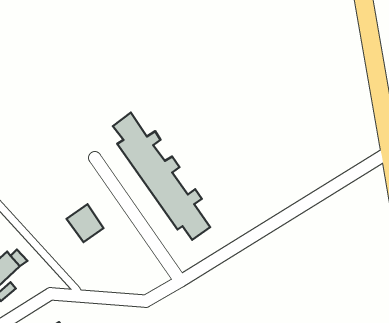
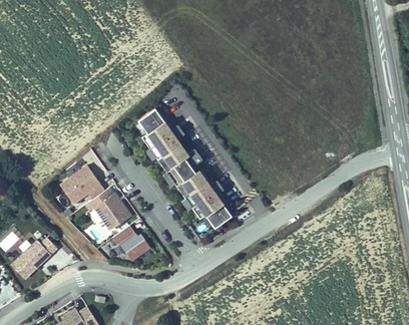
building: none -> [61,167,106,204]
building: none -> [114,227,151,262]

